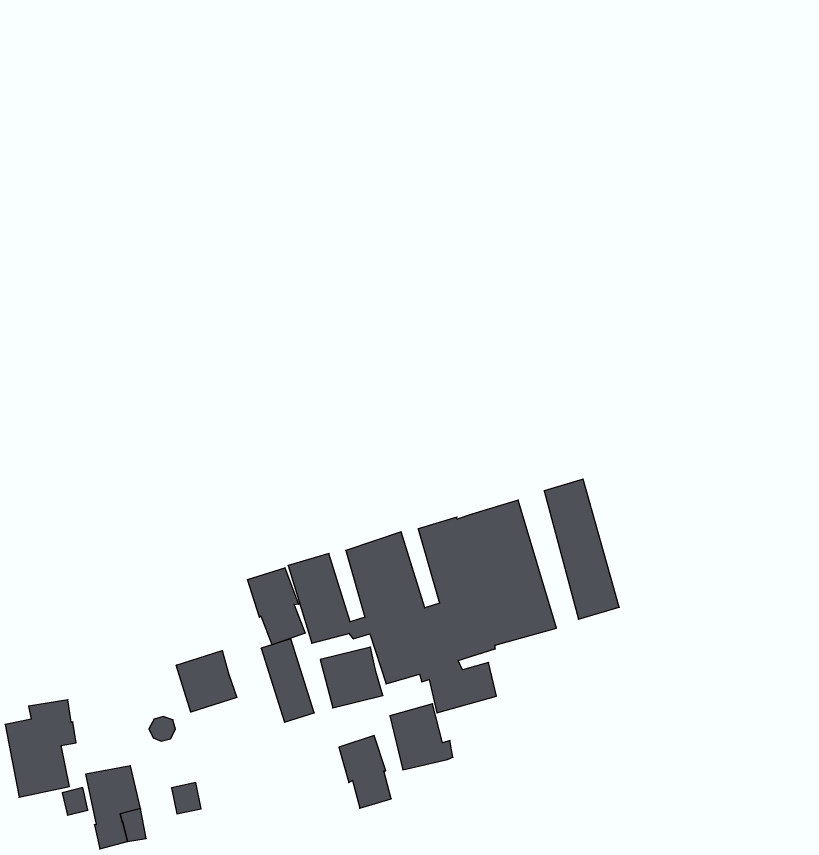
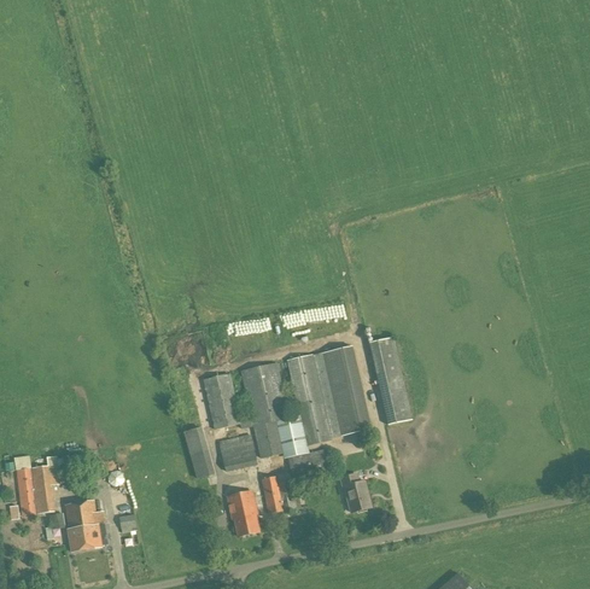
building: [247,568,305,645] -> none
building: [176,651,237,712] -> none
building: none -> [340,473,370,512]

